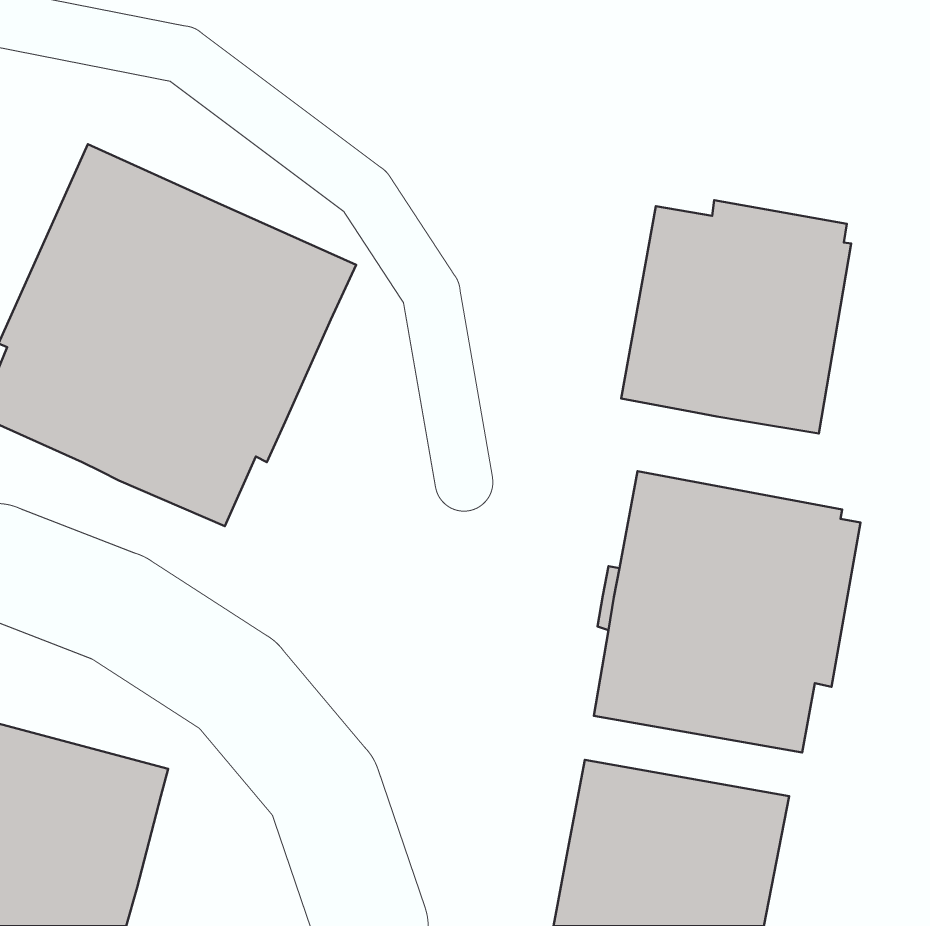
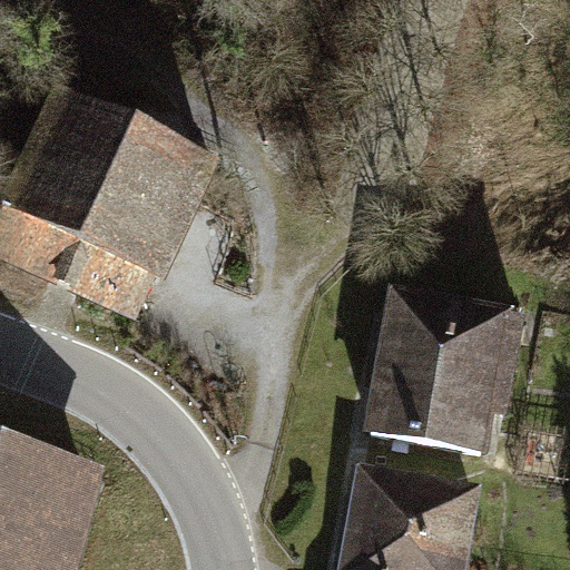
building: [621,200,851,433] -> none

